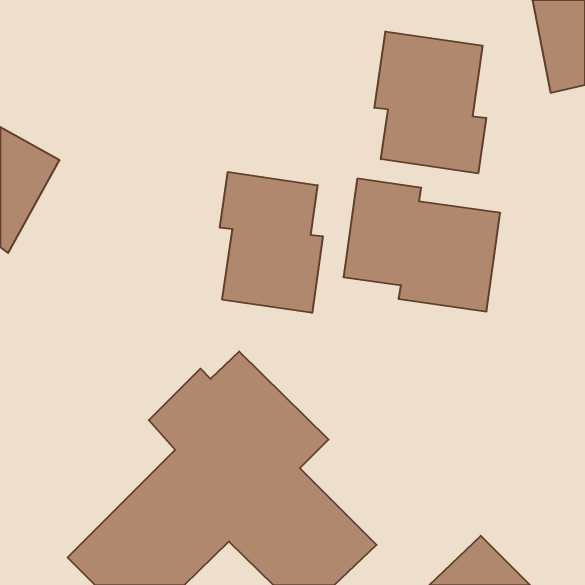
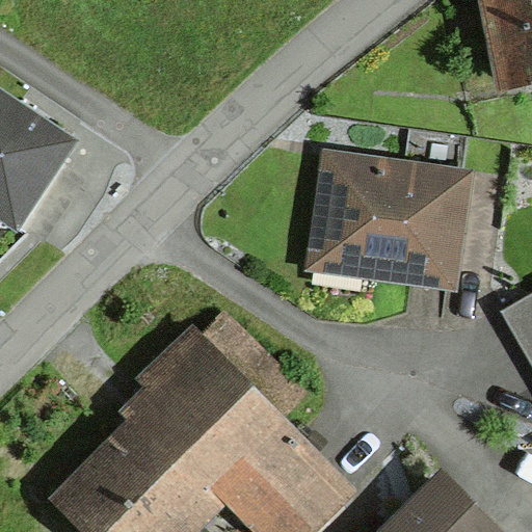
building: [374,31,486,173] -> none
building: [220,172,323,313] -> none

